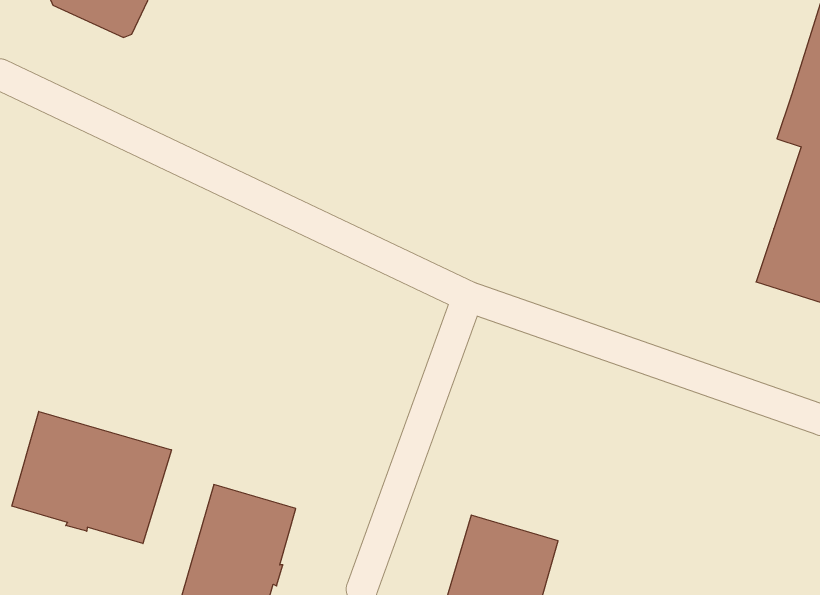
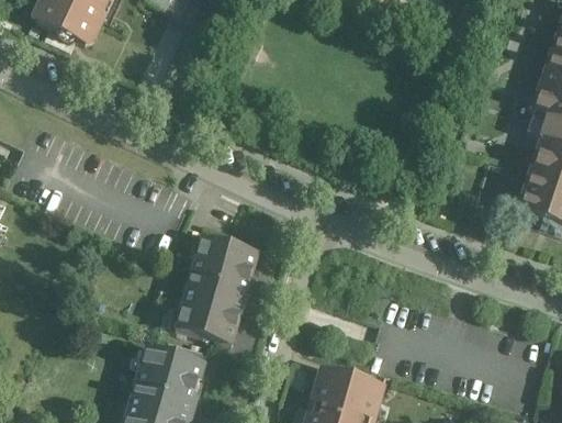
building: none -> [176,235,257,342]
building: [12,411,171,544] -> none

